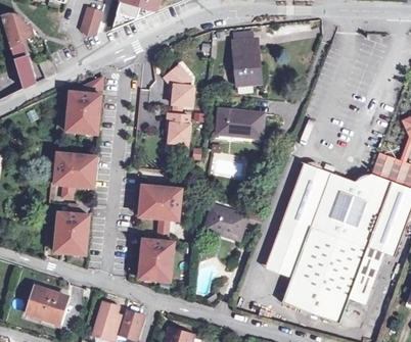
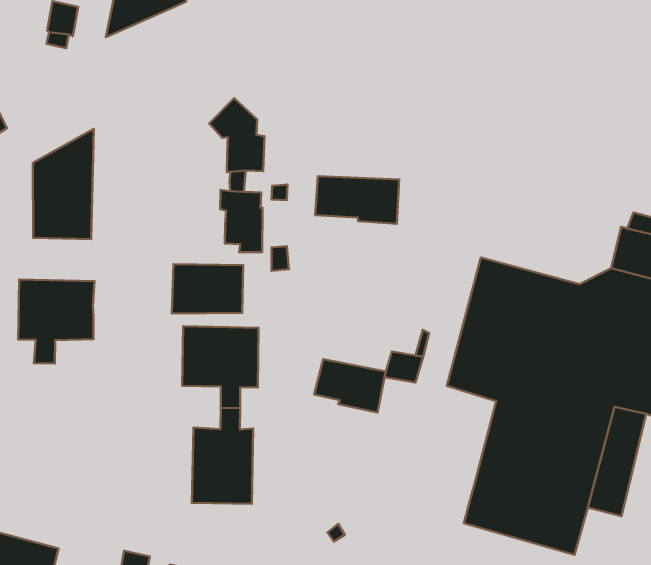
building: [233,39,261,87] -> none
building: none -> [172,264,243,313]
building: [54,204,90,255] -> none
building: [264,228,305,276] -> none

